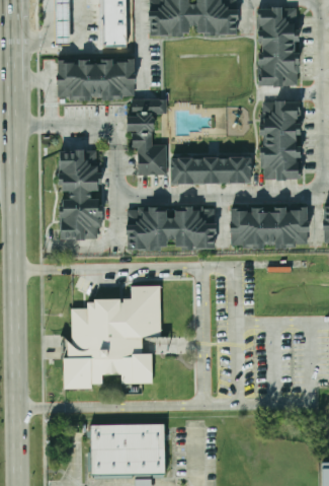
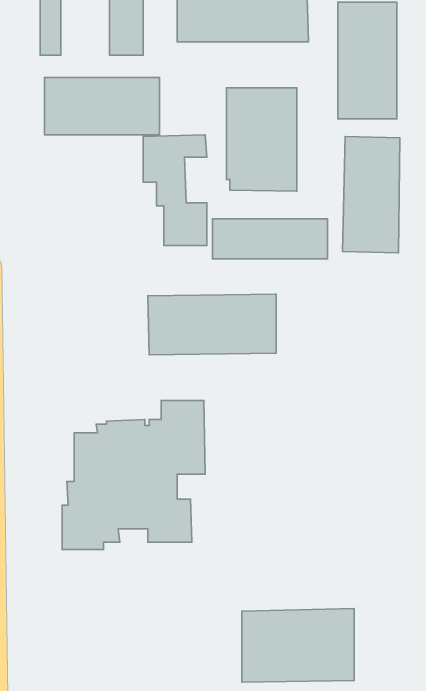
building: none -> [226,88,297,191]
building: [59,149,99,238] -> none
building: [230,207,308,248] -> none
building: [92,423,169,474] -> [242,608,354,682]

